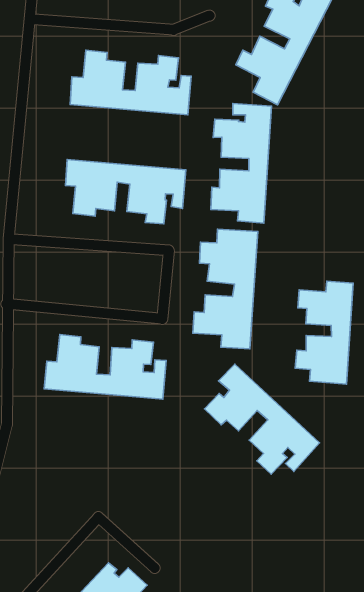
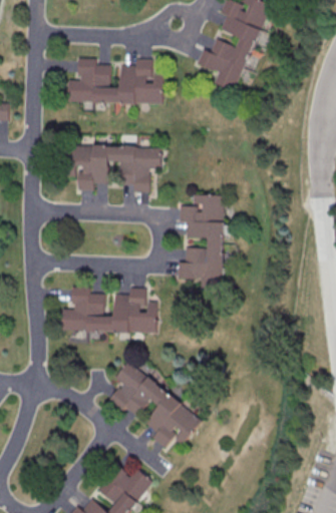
building: [211,104,272,223] -> none
building: [295,281,353,384] -> none
building: [205,364,319,474] -> [106,362,200,448]

